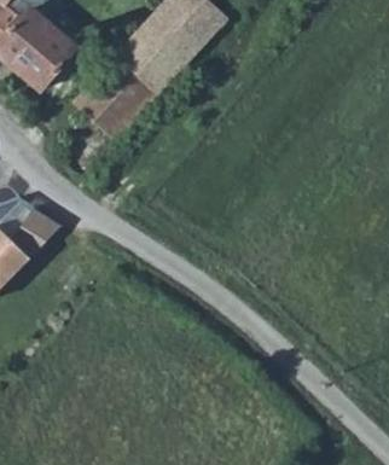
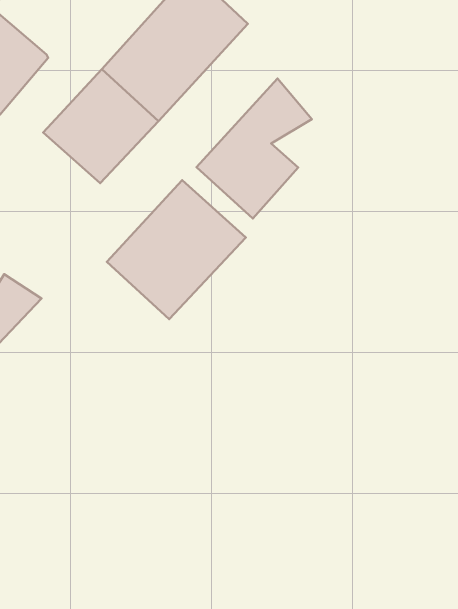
building: none -> [196,79,312,218]
building: none -> [107,180,246,319]

